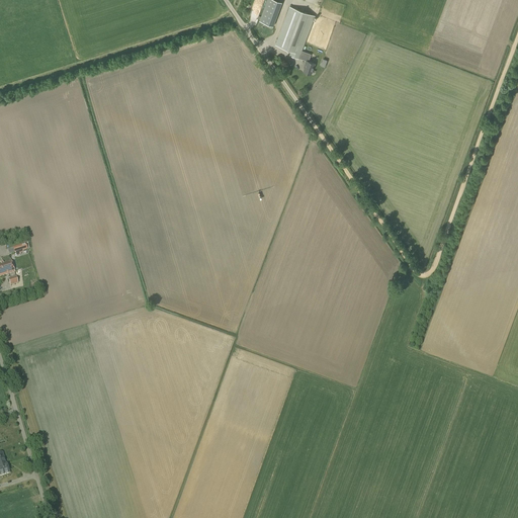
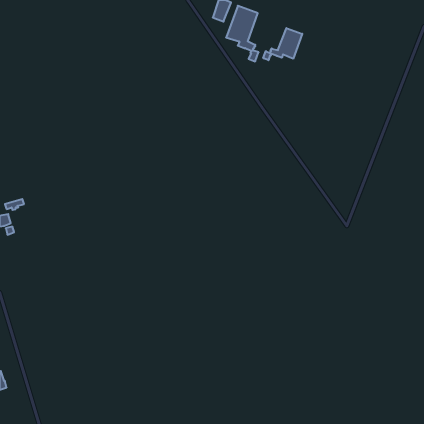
building: none -> [263,28,302,60]

